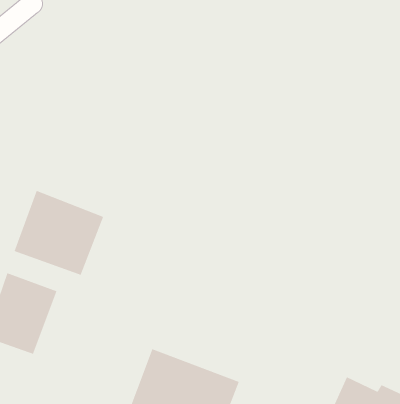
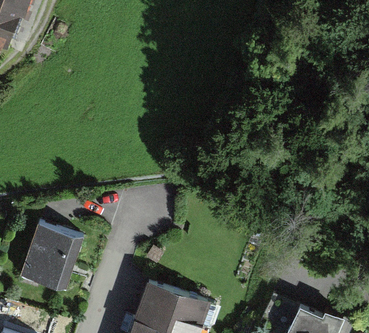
building: [14,190,104,276] -> none

